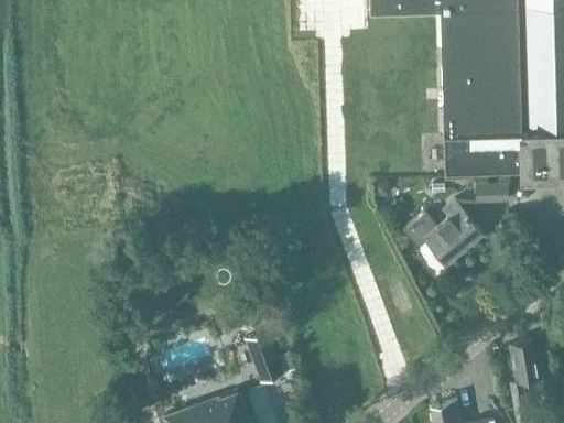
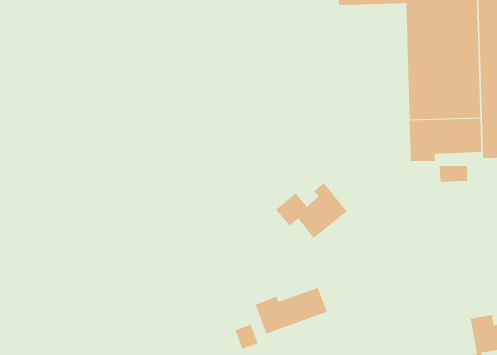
building: [403,199,480,260] -> [275,182,348,239]
building: none -> [255,287,327,335]

